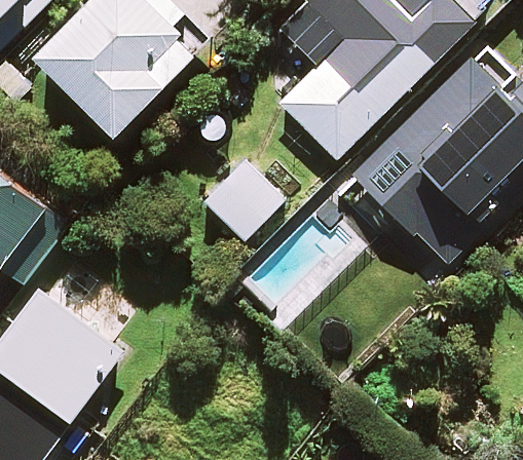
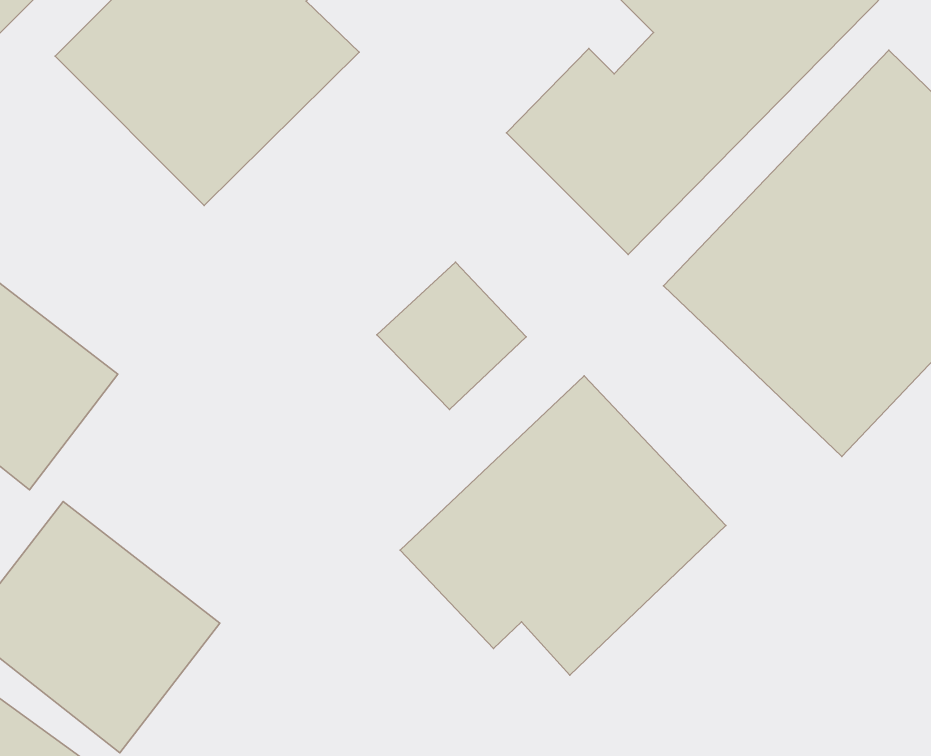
building: none -> [400,376,726,675]

